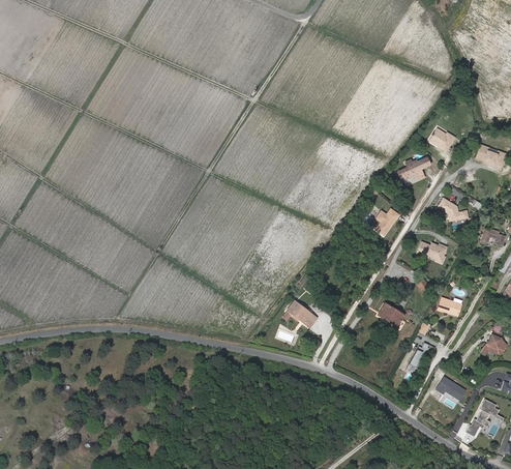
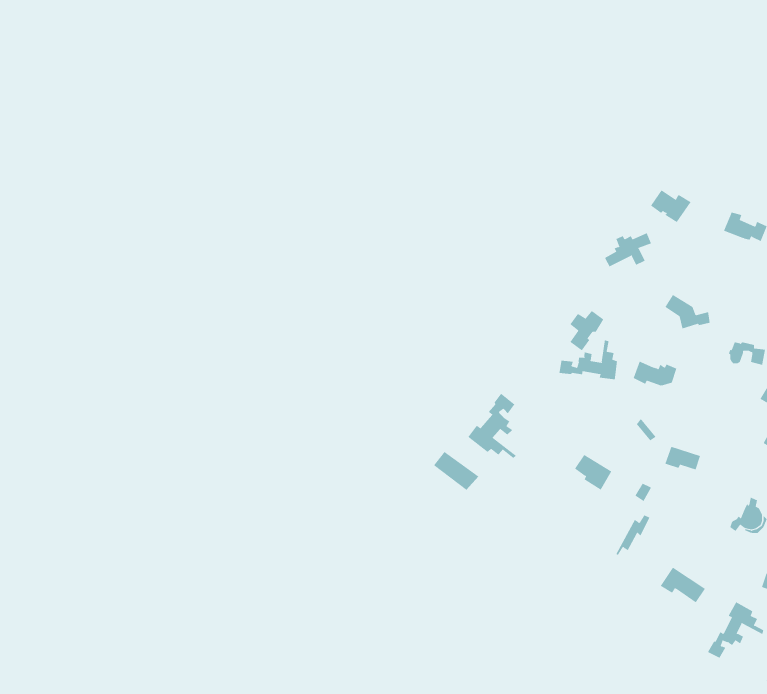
building: none -> [559,339,618,380]
building: none -> [467,393,517,459]

